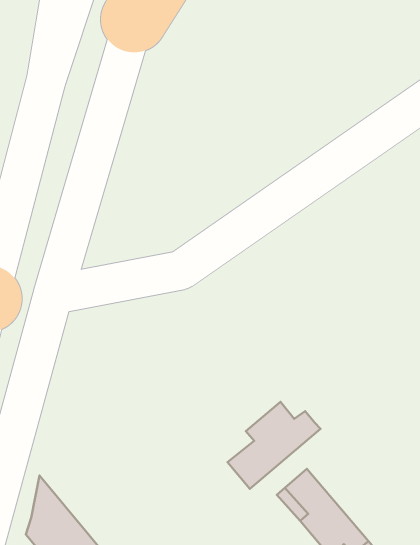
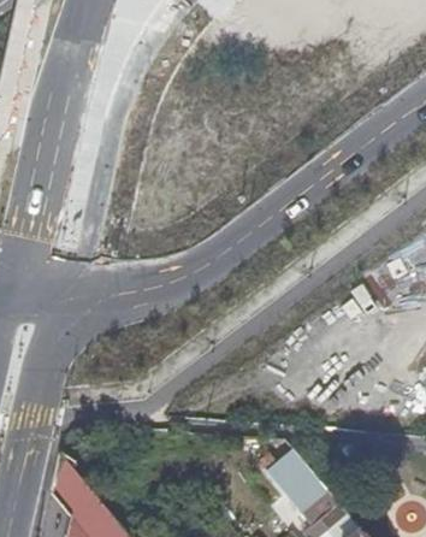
building: [228,402,320,489] -> none

